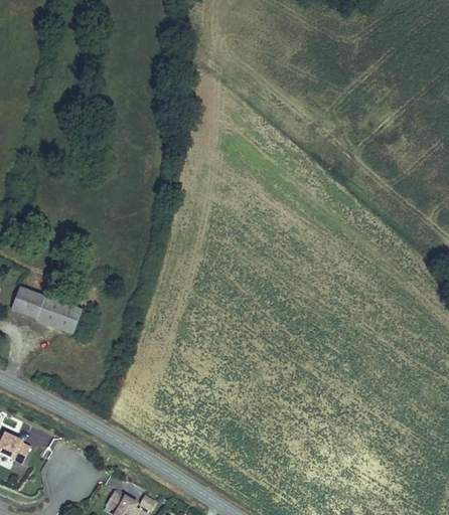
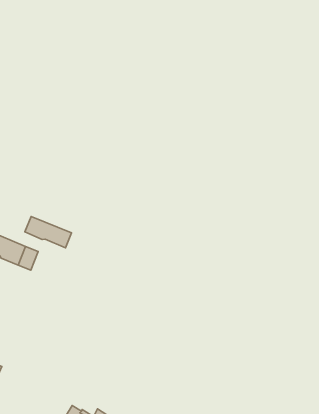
building: none -> [25,217,71,248]

